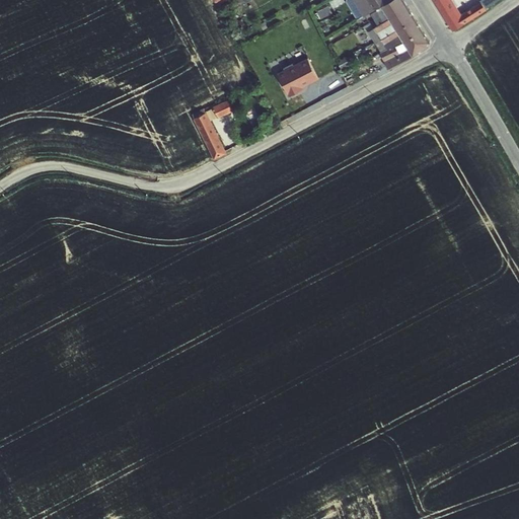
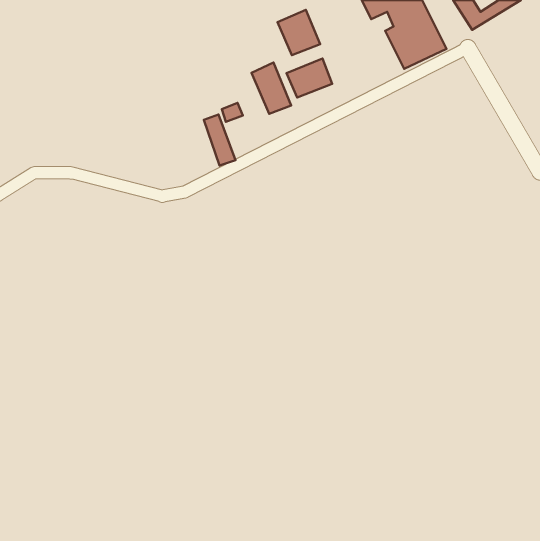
building: none -> [278,10,320,55]
building: none -> [252,63,291,114]

